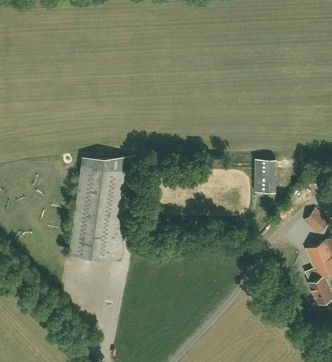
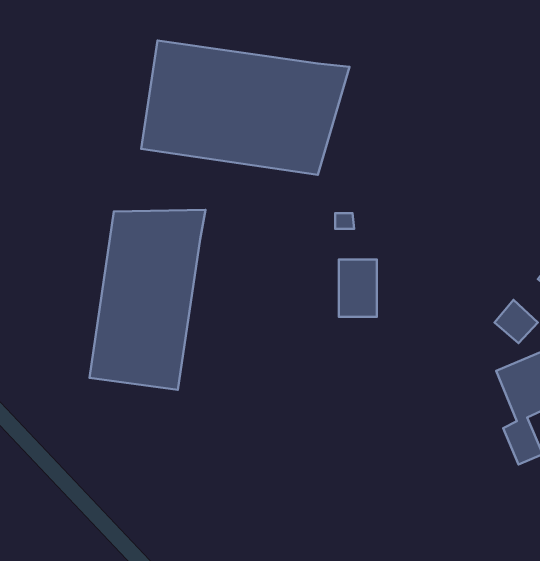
building: none -> [141,41,350,175]
building: [252,158,274,192] -> [339,260,377,317]

